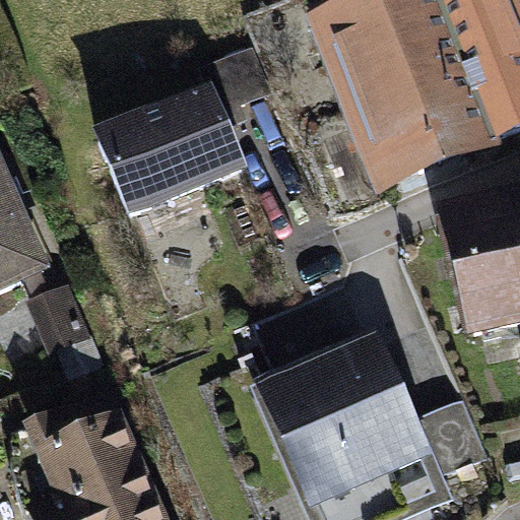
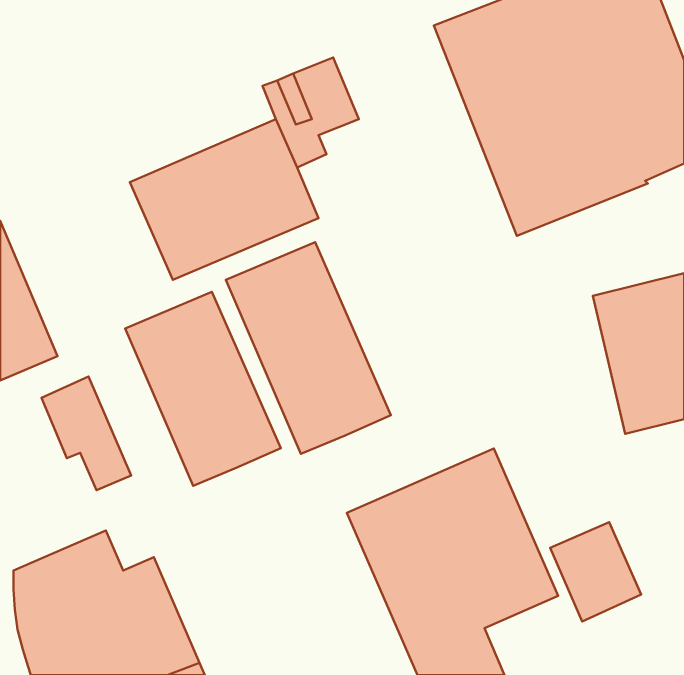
building: none -> [226,242,391,454]
building: none -> [125,292,281,486]

